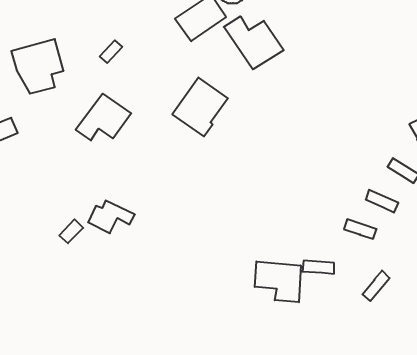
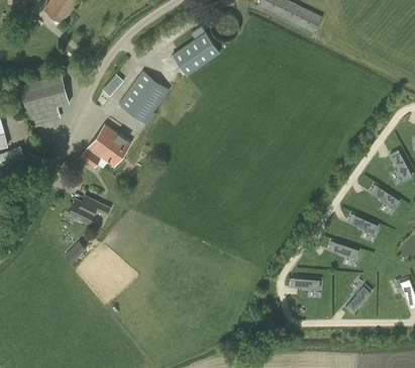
building: [224,16,284,69] -> none
building: [172,77,228,136] -> [117,71,169,125]
building: [88,200,135,233] -> [67,194,110,224]
building: [255,261,301,302] -> none

